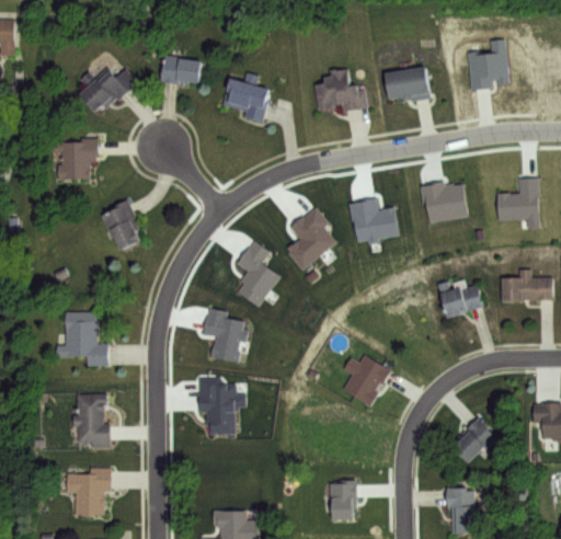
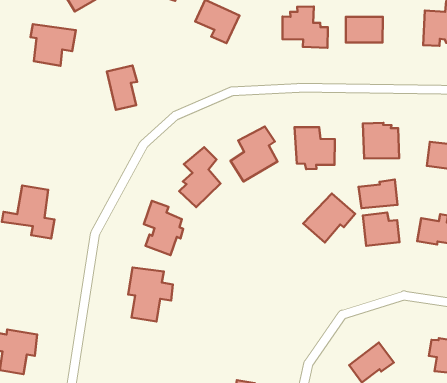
building: [101,202,138,252] -> [107,66,137,110]
building: none -> [358,180,397,208]
building: [339,352,392,405] -> [303,194,355,243]
building: [73,393,111,448] -> none

